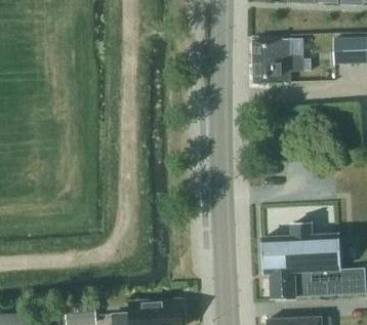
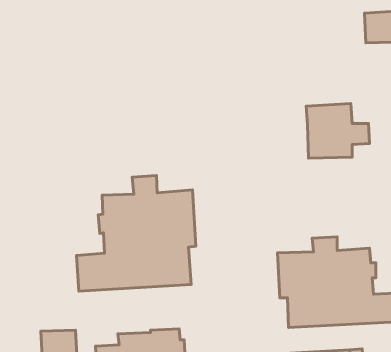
building: [252,39,304,84] -> [306,104,370,158]
building: none -> [76,176,196,291]

